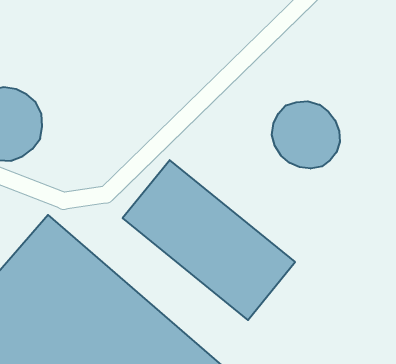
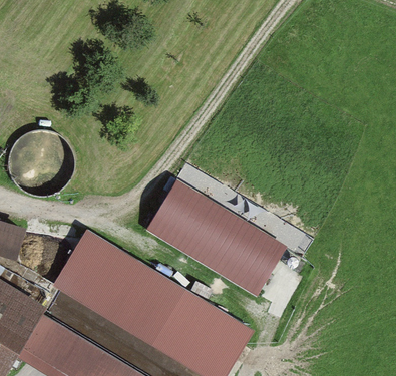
building: [272,101,340,169] -> none

